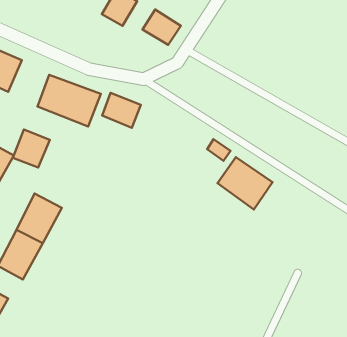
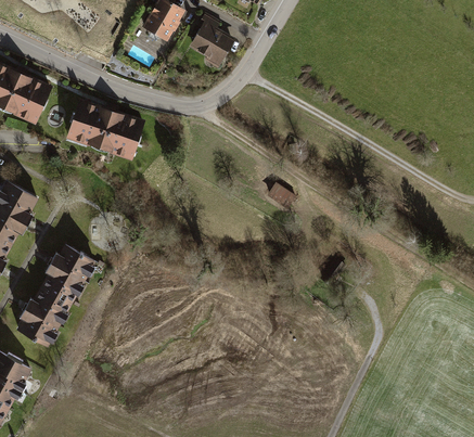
building: [102,93,141,128] -> none
building: [13,130,50,167] -> none
building: [217,157,273,210] -> none

